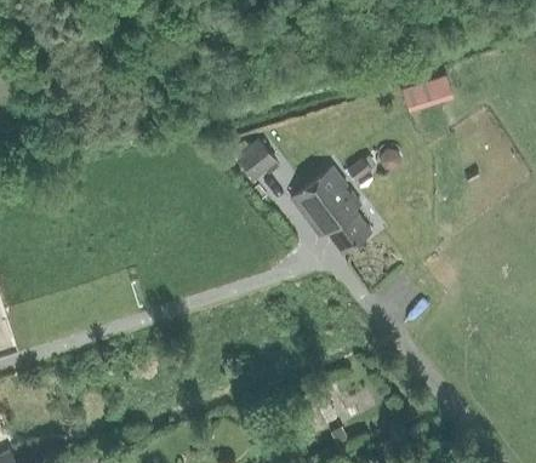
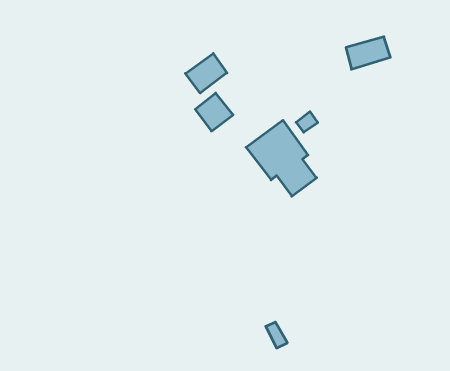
building: none -> [185,53,227,93]

